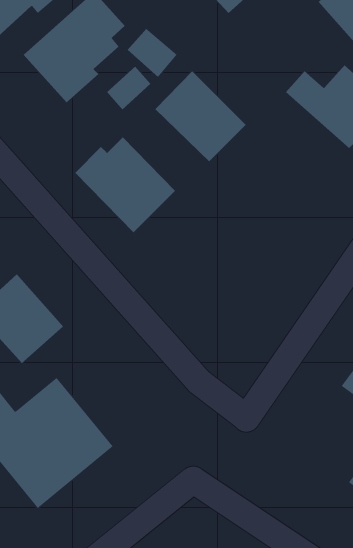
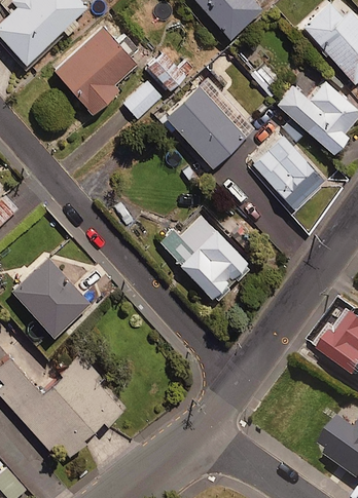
building: none -> [248,133,326,212]
building: [74,137,176,233] -> [159,215,246,297]

